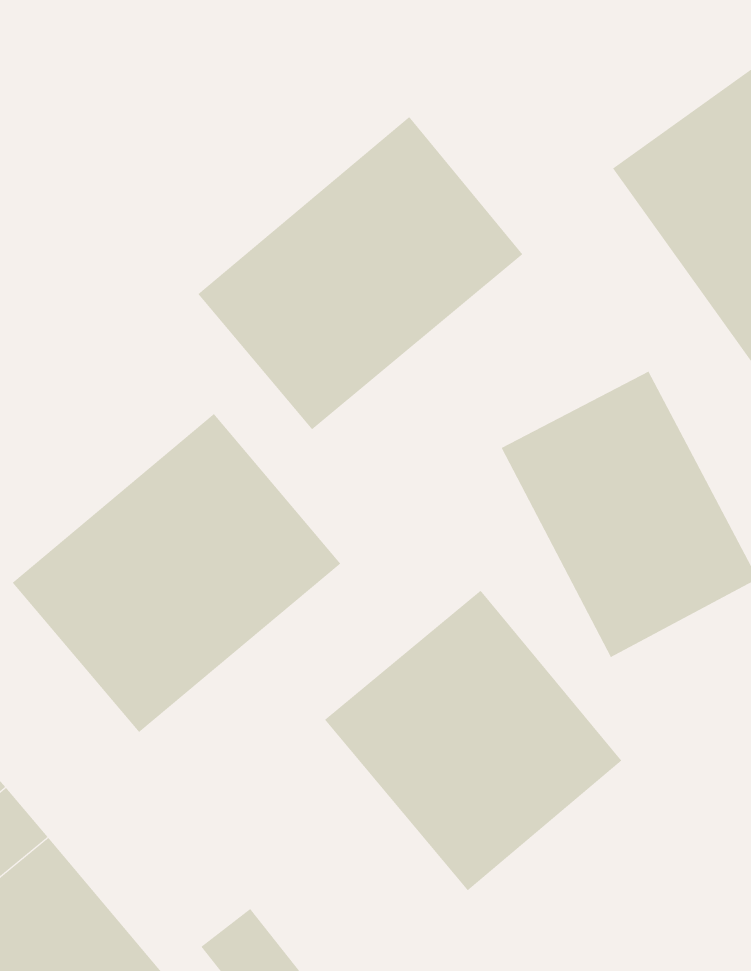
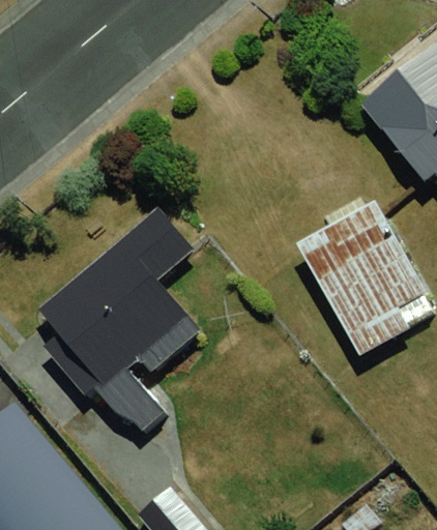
building: [197,116,523,430] -> none
building: [324,590,622,891] -> none

